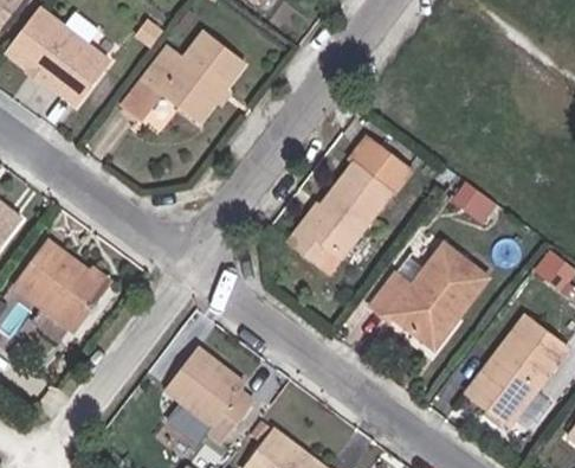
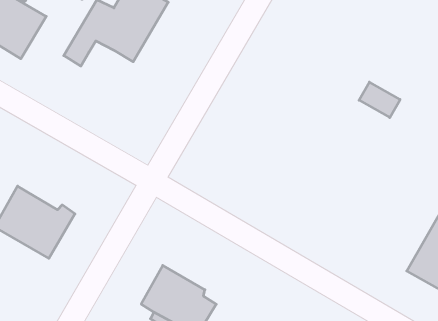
building: [298,150,406,273] -> none
building: [374,243,486,345] -> none

